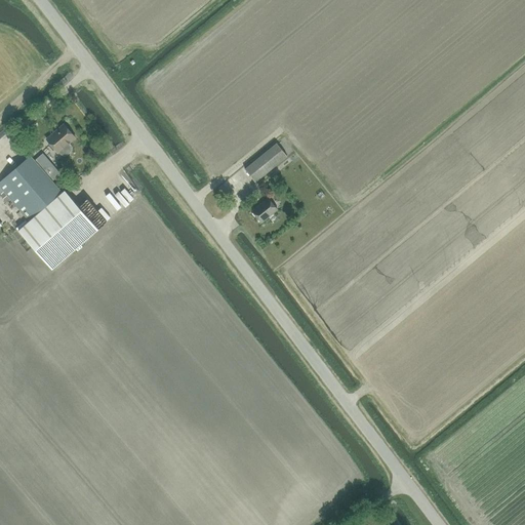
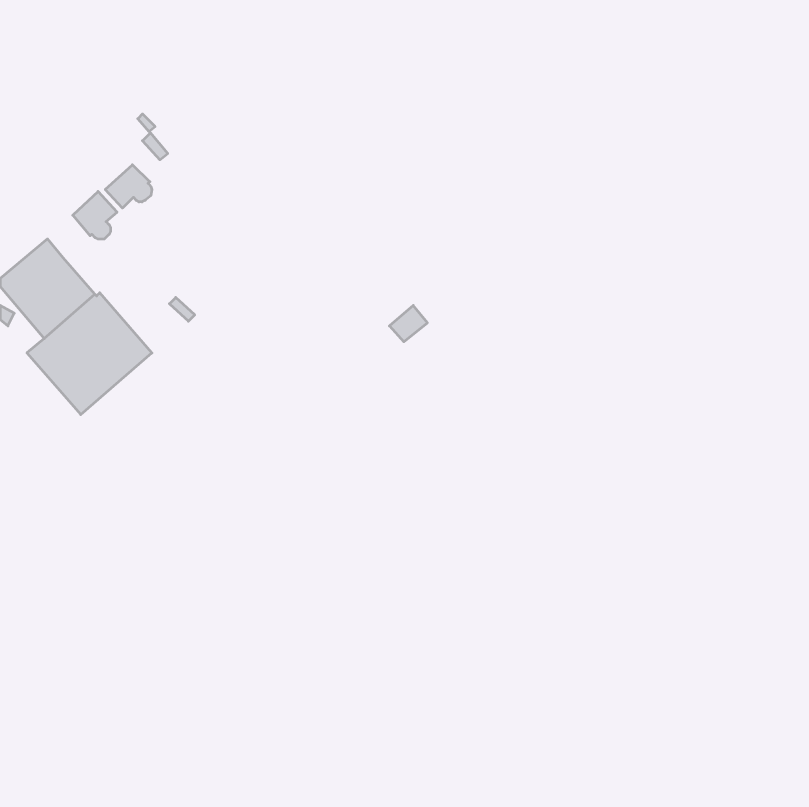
building: none -> [105,165,152,208]
building: [245,143,287,181] -> none

